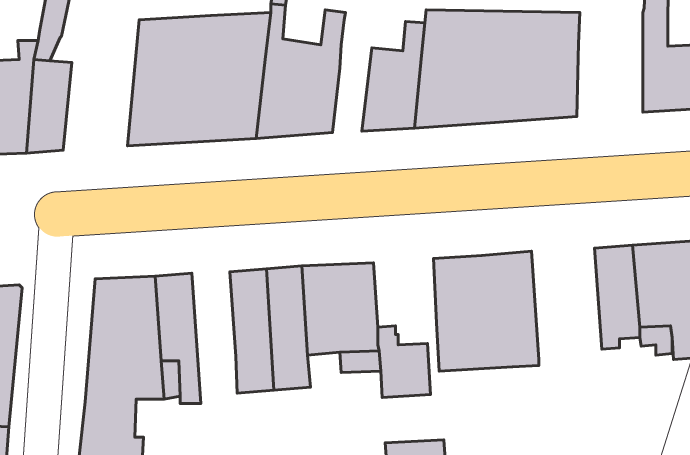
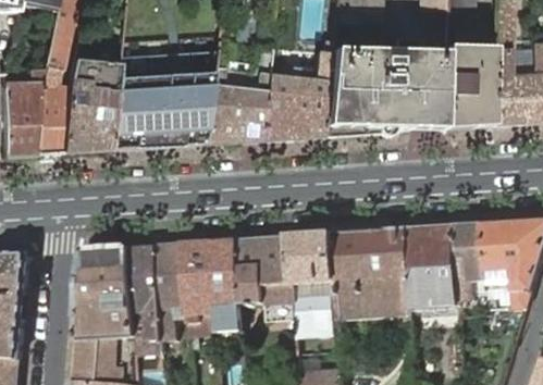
building: none -> [444,46,494,127]
building: none -> [62,59,119,152]
building: none -> [262,74,292,139]
building: none -> [410,225,462,308]
building: none -> [293,233,340,284]
building: none -> [158,243,190,340]

